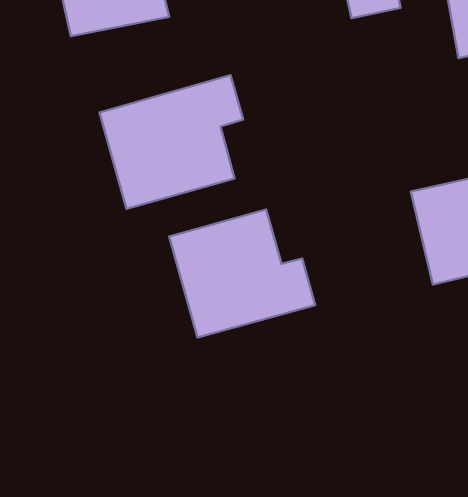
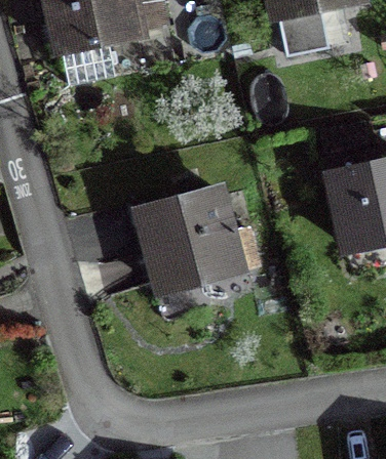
building: [100,75,243,209] -> none

